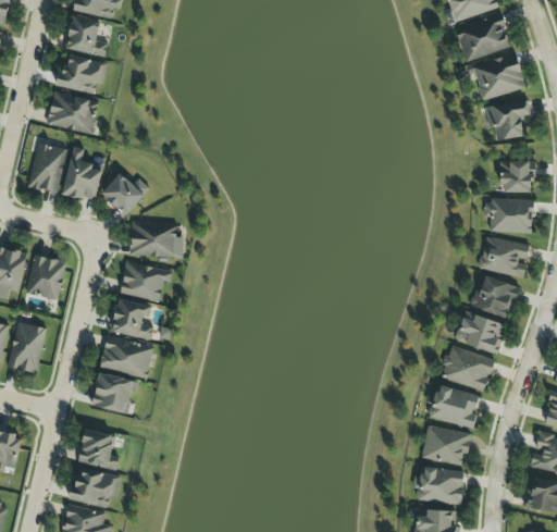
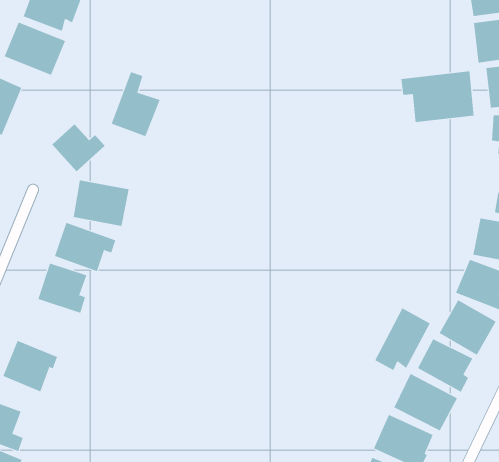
building: none -> [401,71,474,123]
building: [62,146,102,201] -> [111,71,160,137]
building: none -> [375,307,431,371]
building: [99,336,153,378] -> none

